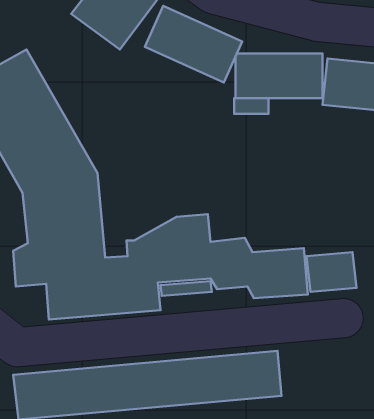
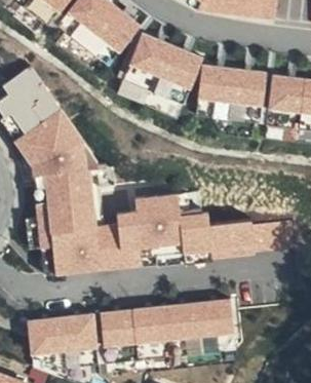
building: none -> [118,67,180,106]

